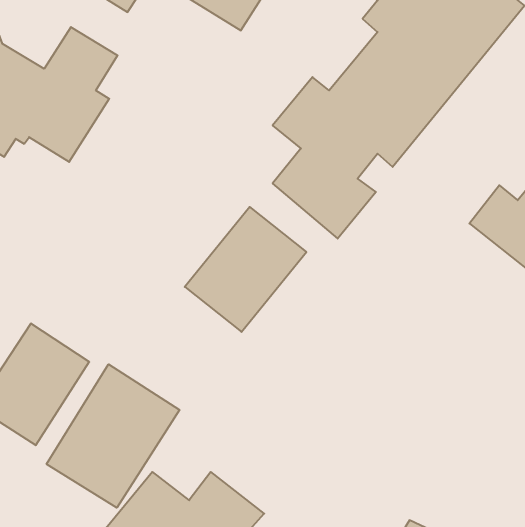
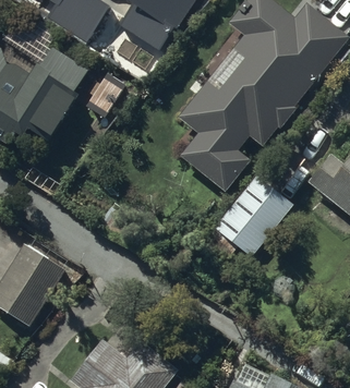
building: [185,207,306,332] -> [213,174,292,256]
building: [47,364,179,508] -> none

